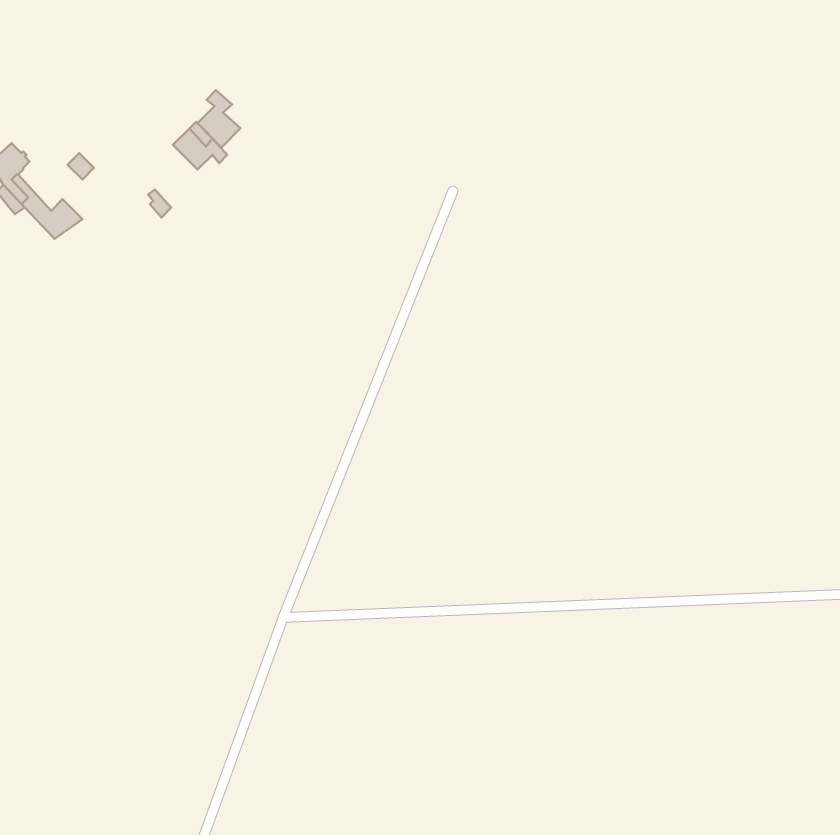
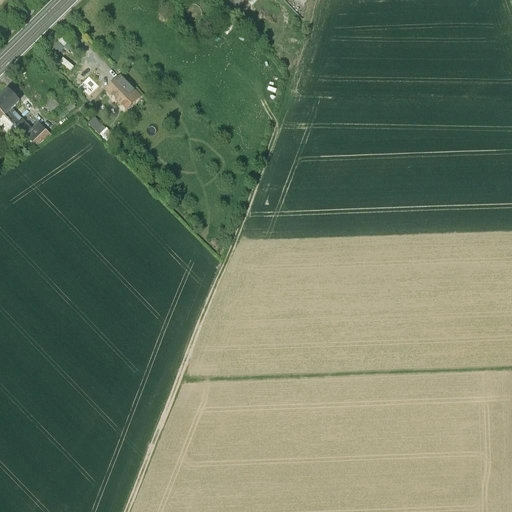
building: [197,90,241,147] -> none

